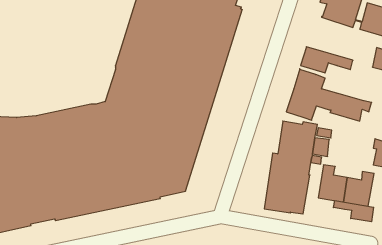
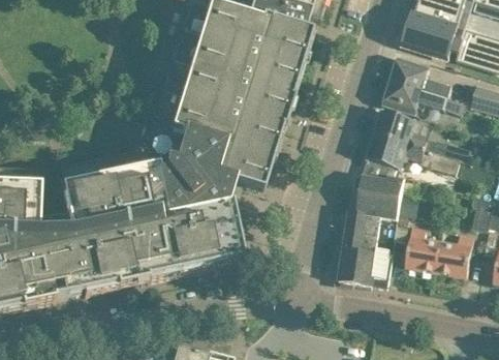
building: none -> [389,59,450,99]
building: [333,201,374,222] -> none

